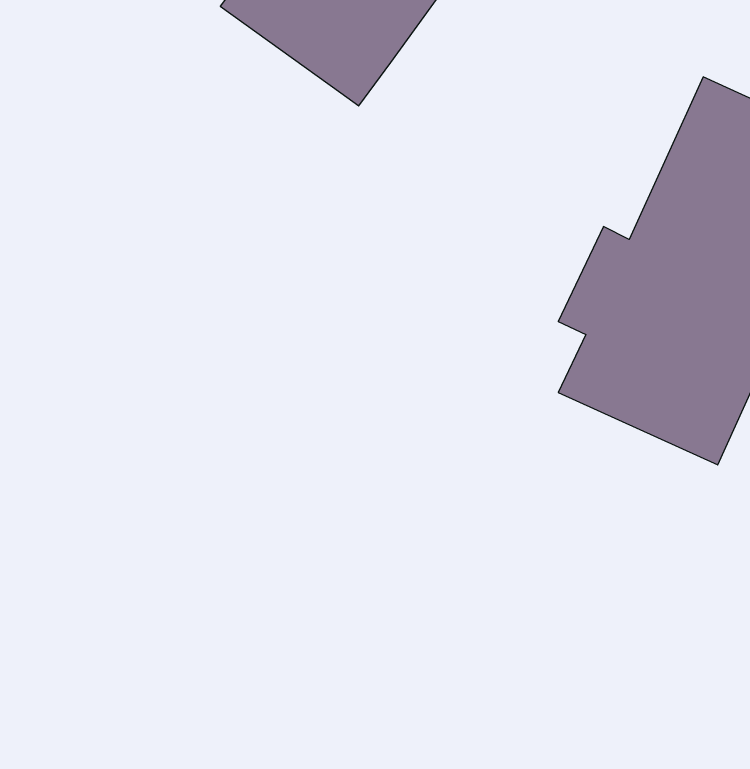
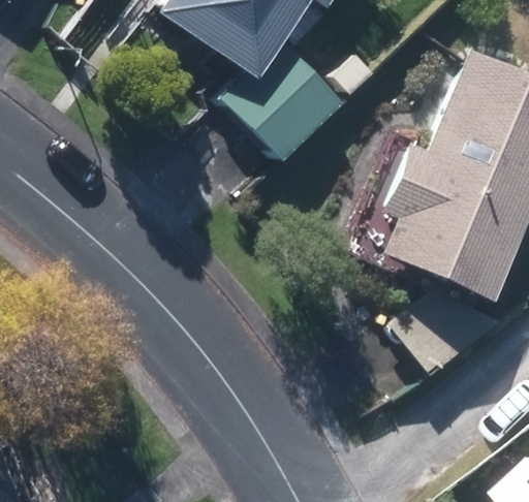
building: none -> [216,42,342,159]

